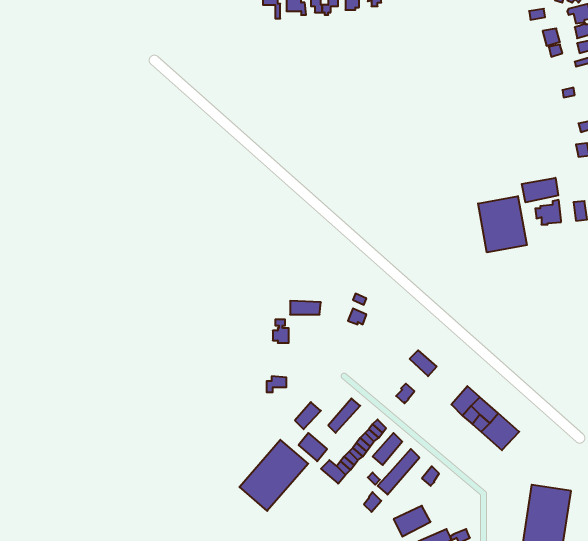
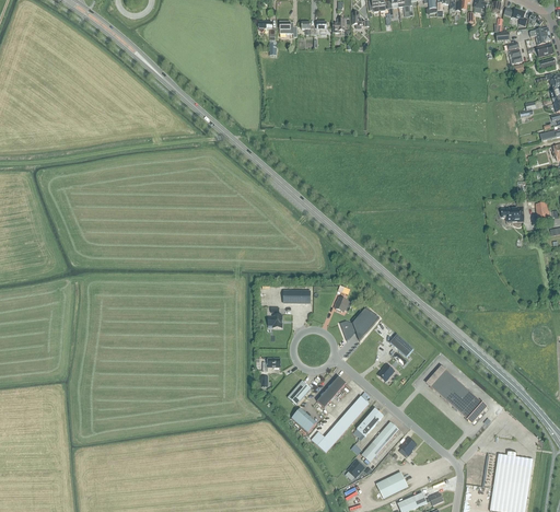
building: [522,178,558,202] -> none
building: [478,196,527,252] -> none
building: none -> [340,306,380,340]
building: [239,440,308,511] -> none

